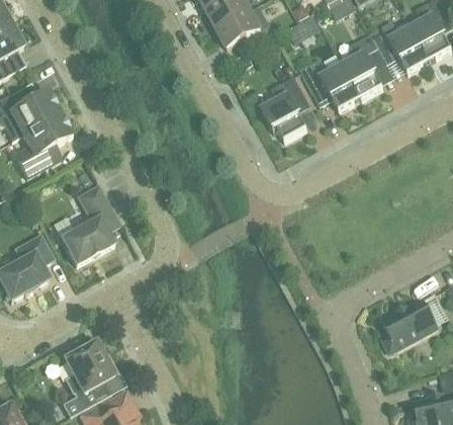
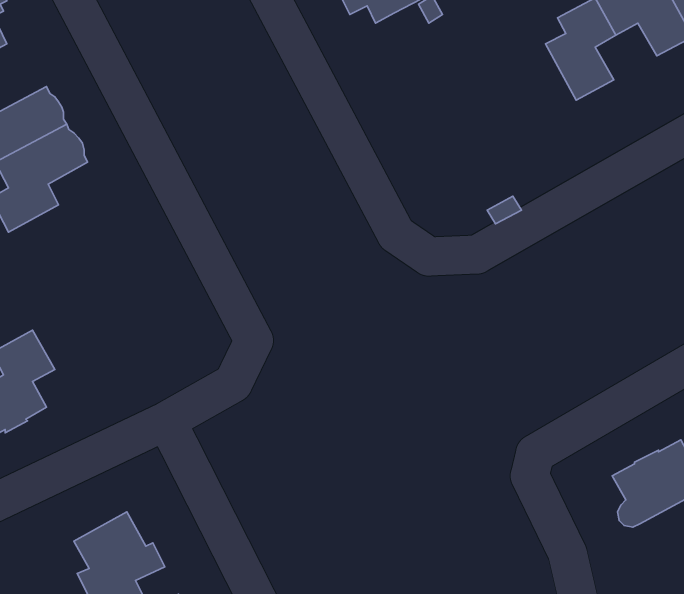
building: [300,61,361,110] -> none
building: [262,75,308,140] -> none
building: [62,183,114,264] -> none

